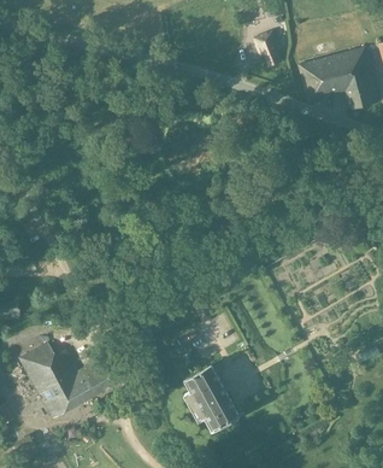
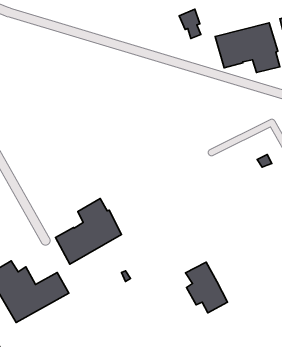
building: none -> [56,199,121,264]
building: [185,364,237,427] -> [186,262,228,313]

